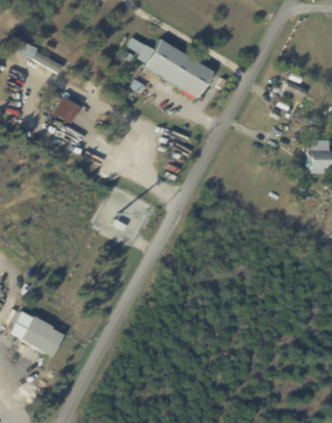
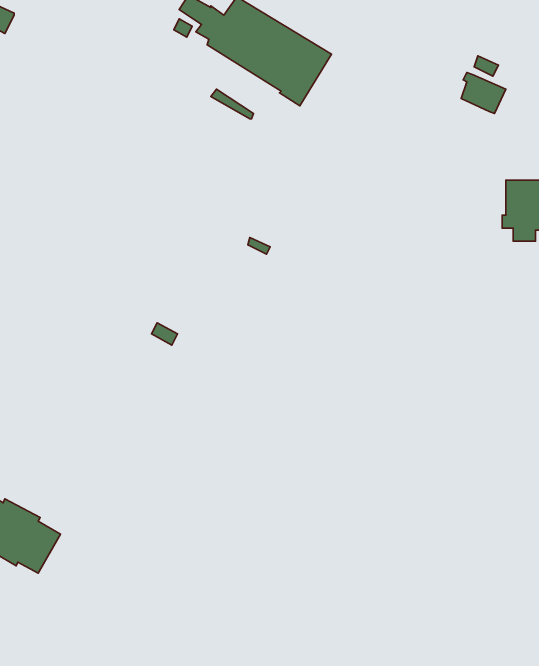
building: [53,96,80,123] -> none

